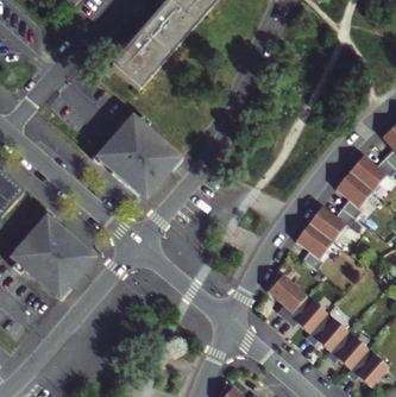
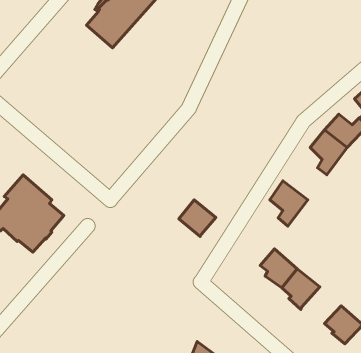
building: [96,116,175,193] -> none
building: [308,206,352,240] -> none
building: [263,271,300,308] -> [179,200,216,237]
building: [327,327,366,368] -> none

